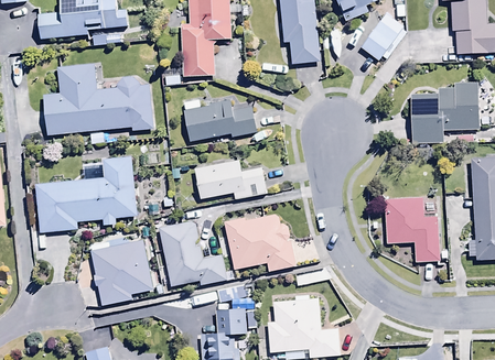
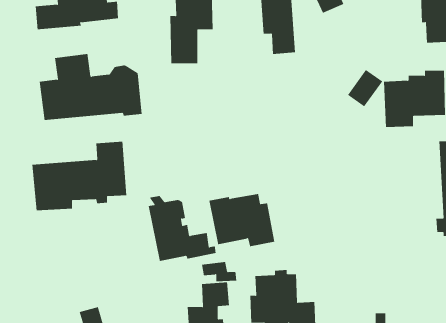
building: [359,21,398,62] -> [347,69,383,107]
building: [184,99,257,140] -> none
building: [194,160,267,200] -> none
building: [385,197,448,262] -> none
building: [90,237,153,305] -> none

